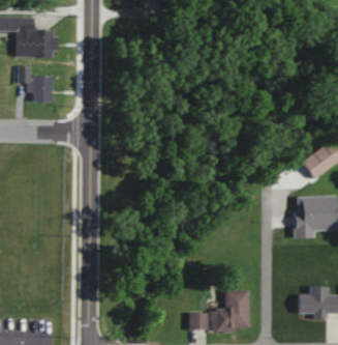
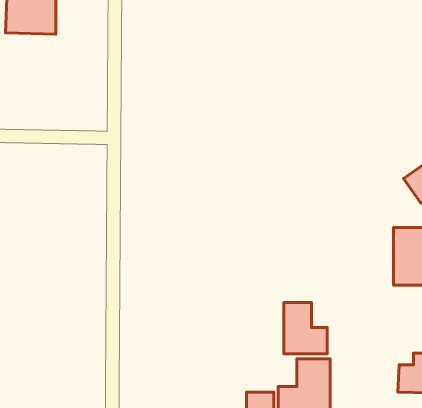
building: [24,74,53,100] -> none
building: none -> [284,303,327,354]

